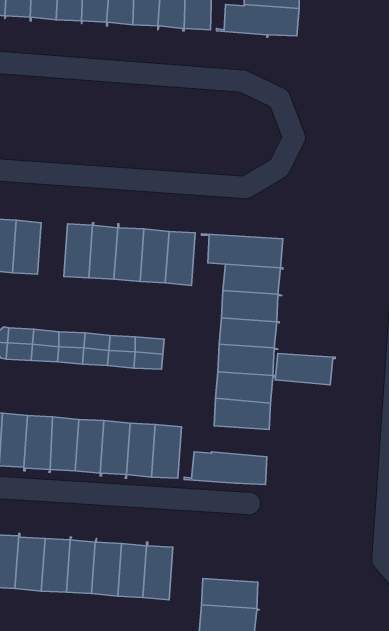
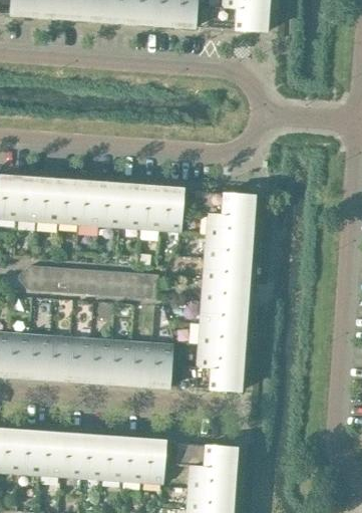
building: none -> [59,178,83,224]
building: [275,354,335,385] -> [199,343,247,368]
building: none -> [172,442,238,469]

